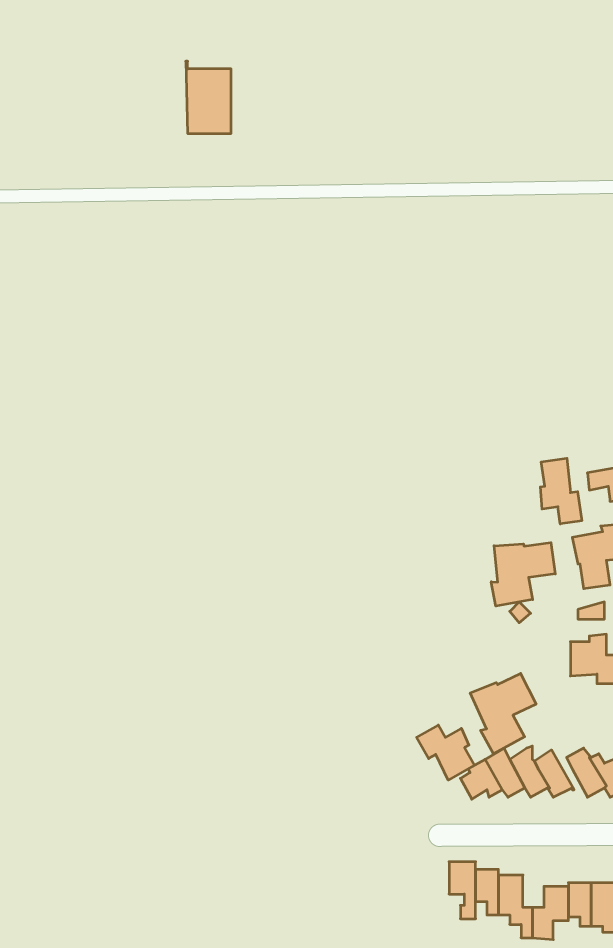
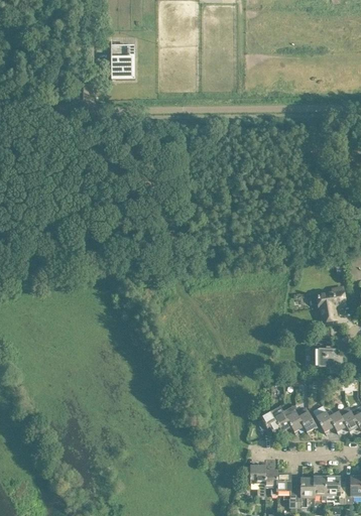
building: [540,458,582,524] -> none
building: [491,543,555,606] -> none
building: [470,673,536,754] -> none
building: [417,725,474,780] -> none

